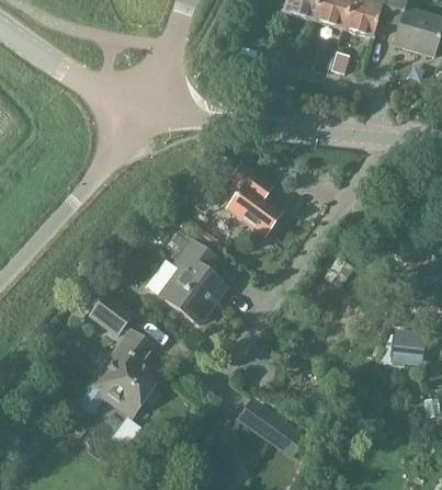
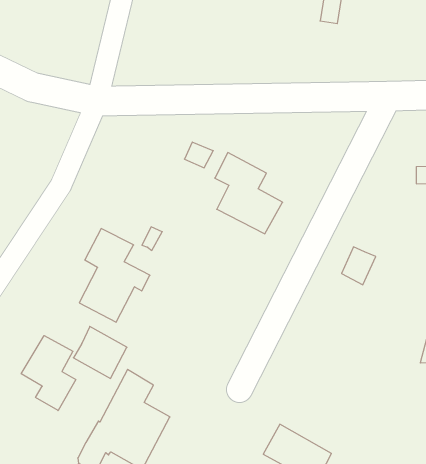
building: [167,240,229,320] -> [79,229,150,322]
building: none -> [21,336,76,411]

